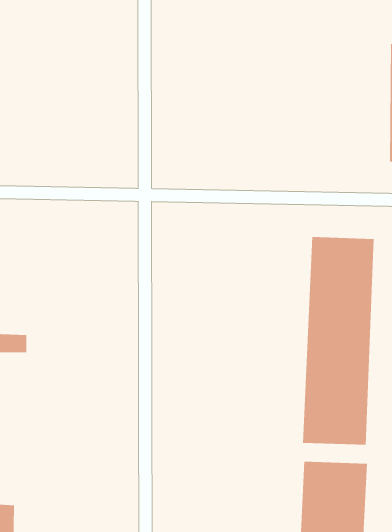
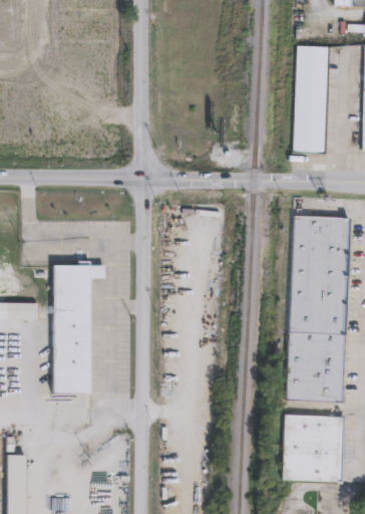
building: none -> [293,44,327,152]
building: none -> [54,263,107,394]

